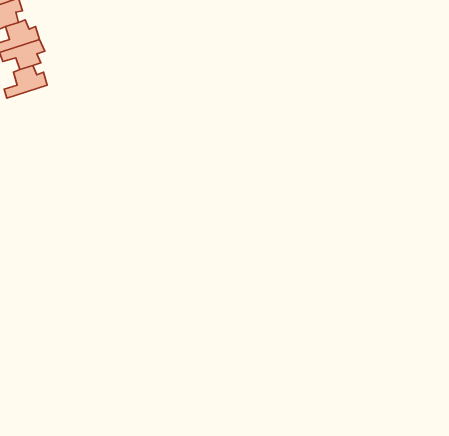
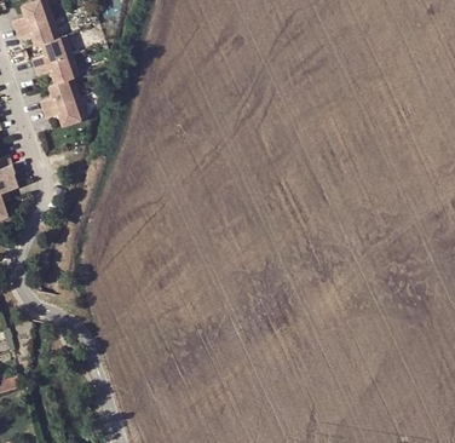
building: none -> [42,97,85,125]

